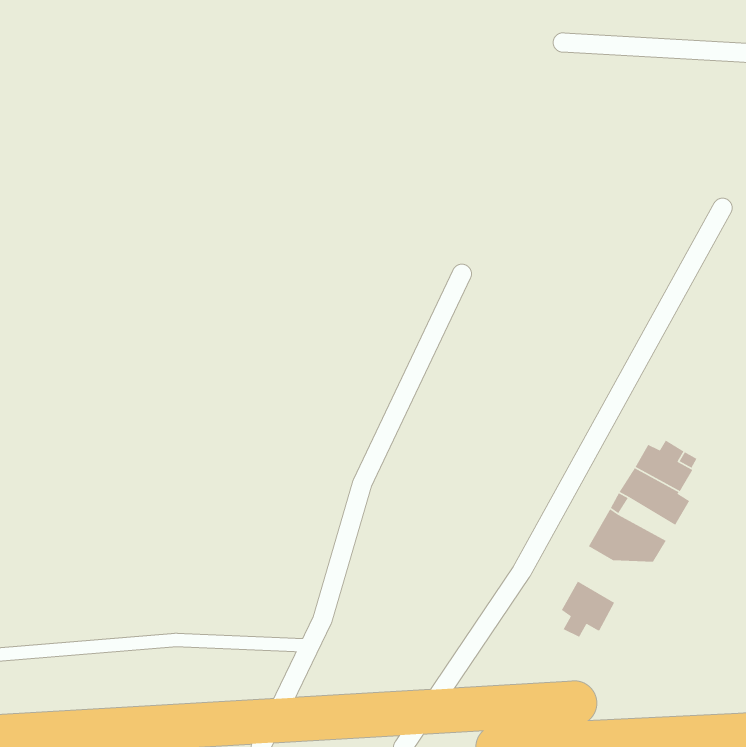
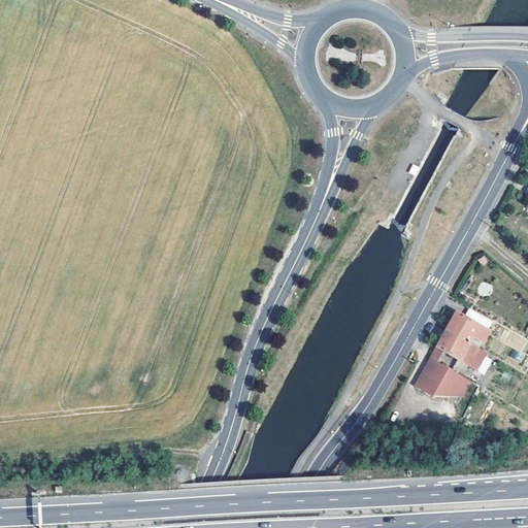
building: [561,581,615,638] -> none

